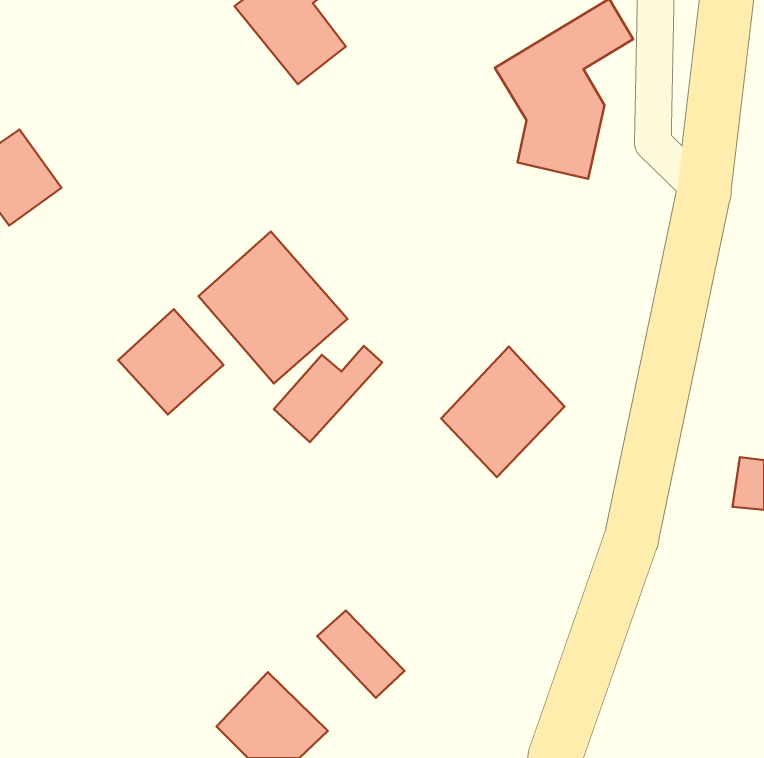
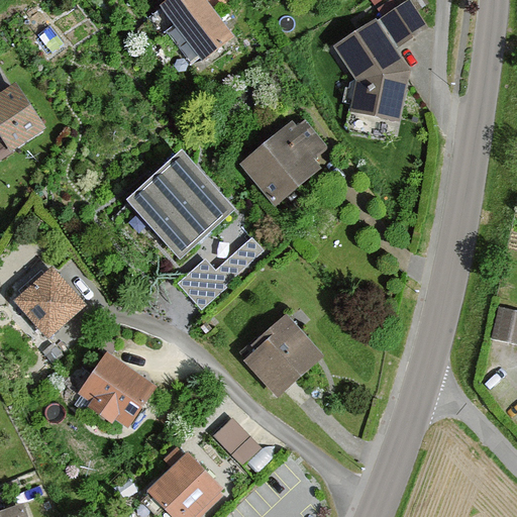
building: none -> [239,120,323,208]
building: [118,309,224,414] -> [15,267,86,337]
building: [441,346,564,477] -> [239,311,322,399]
building: none -> [79,351,157,428]

